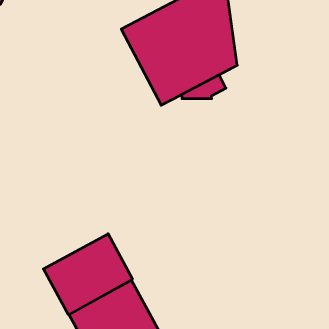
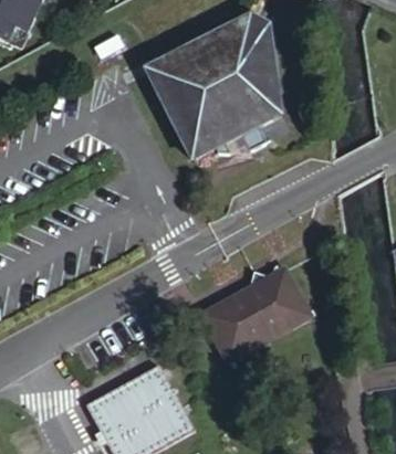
building: none -> [204,266,309,355]
building: [43,234,132,315] -> none

